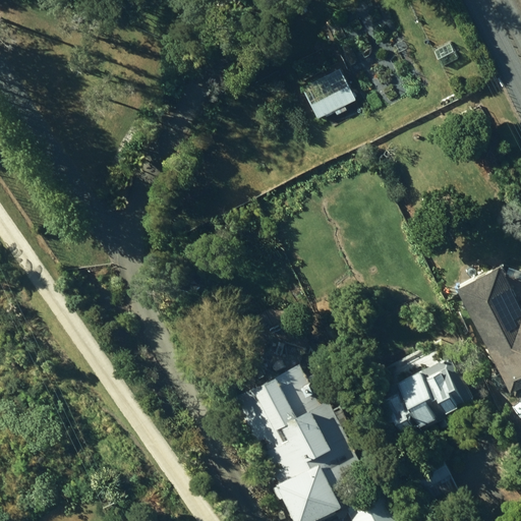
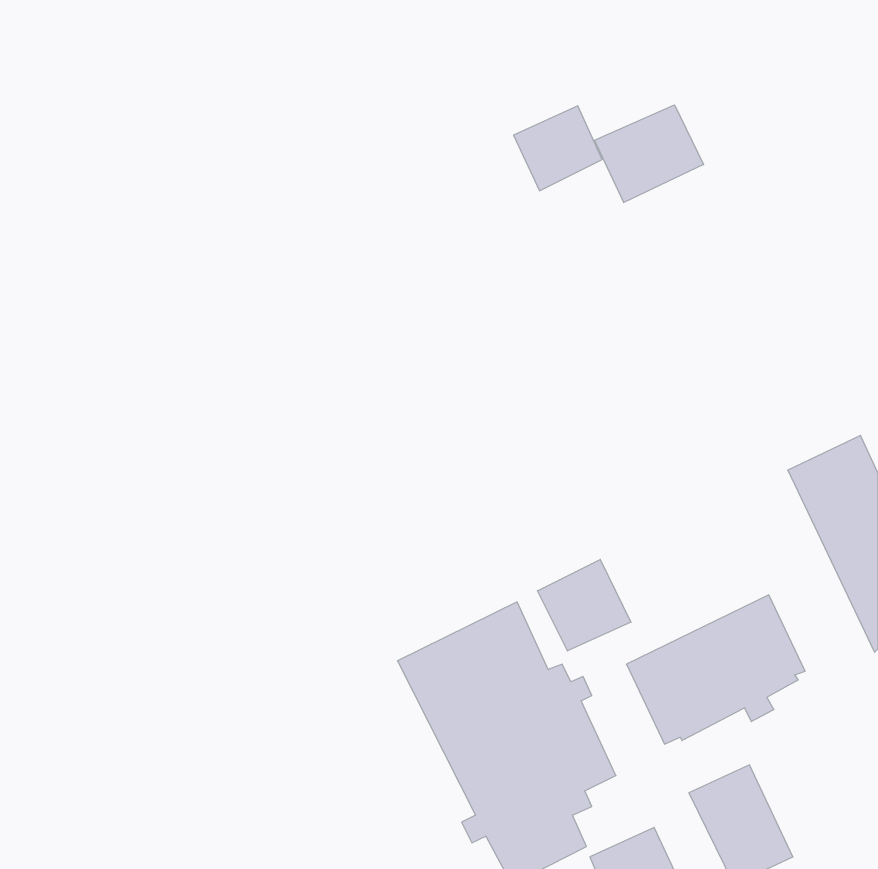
building: none -> [594,105,704,203]
building: none -> [537,559,631,651]

